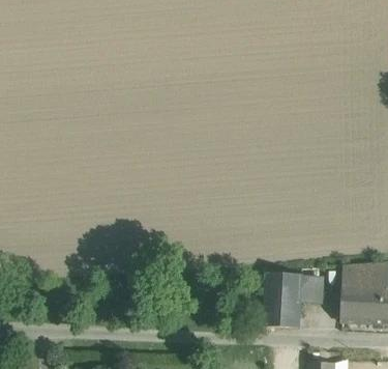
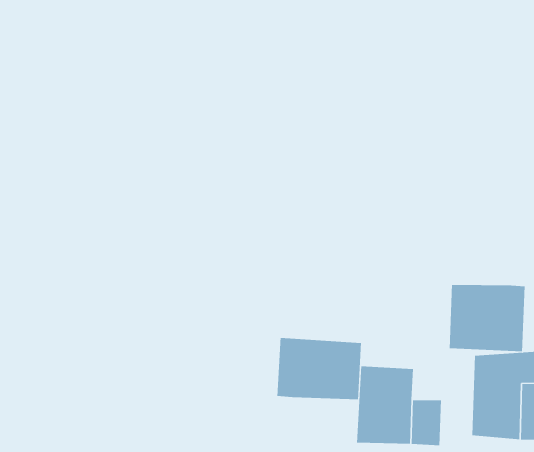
building: none -> [449,284,525,352]
building: none -> [277,337,362,400]

